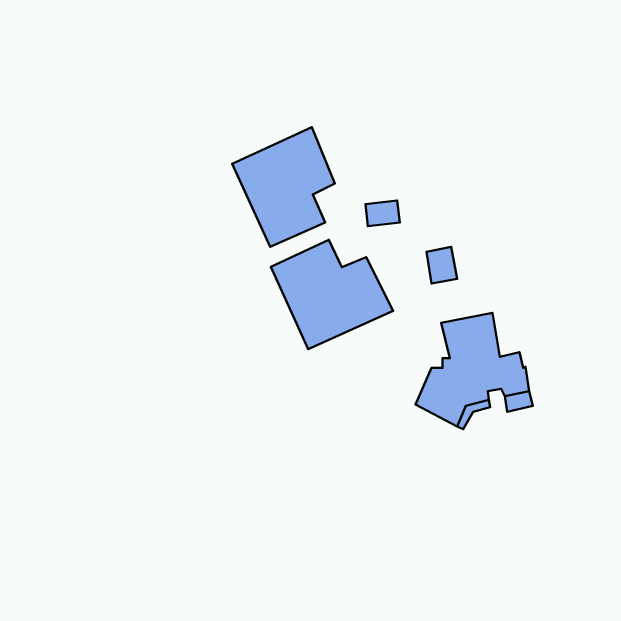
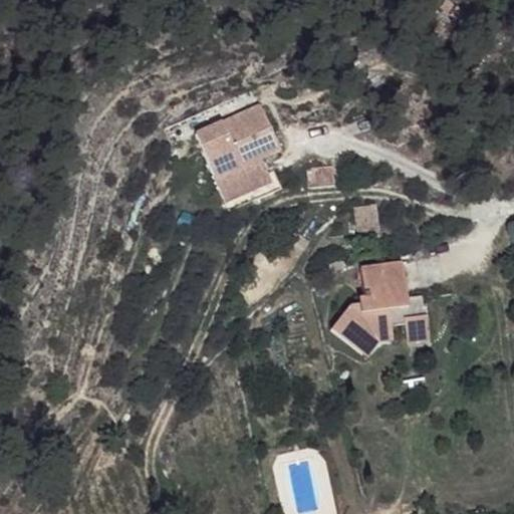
building: [271,240,393,349] -> none

